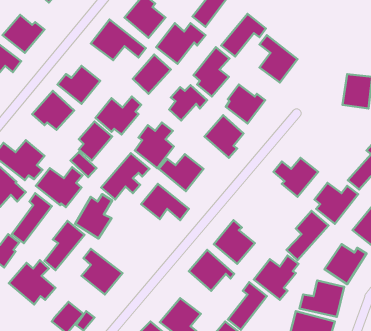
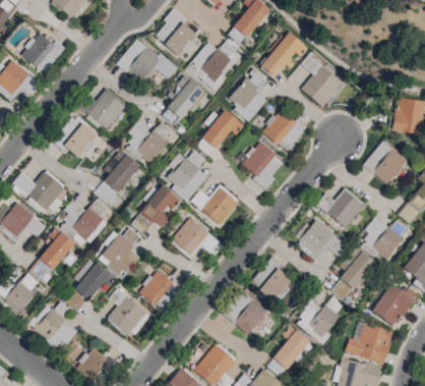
building: none -> [363,141,409,186]
building: none -> [296,220,349,262]
building: none -> [140,271,185,313]

